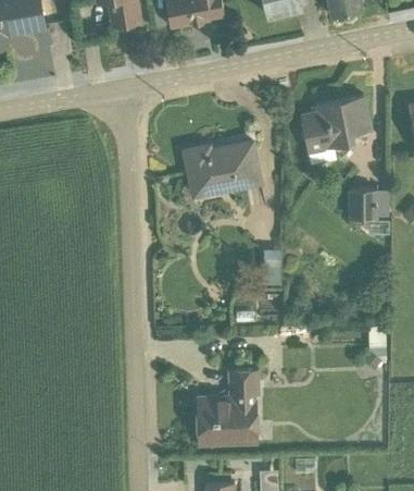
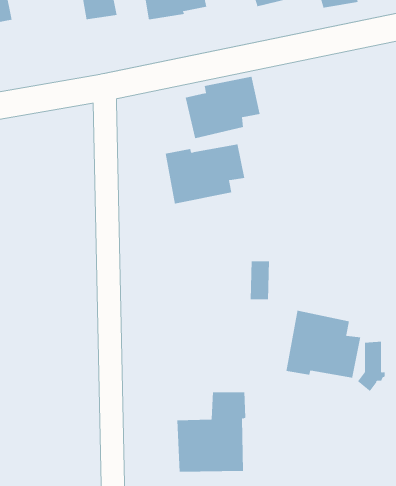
building: [300,96,369,154] -> [185,76,260,139]
building: [348,189,377,219] -> none
building: none -> [286,310,361,378]

